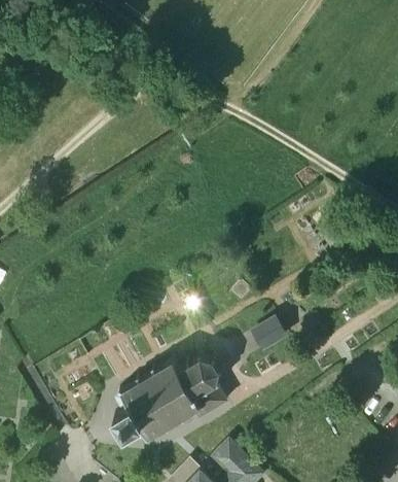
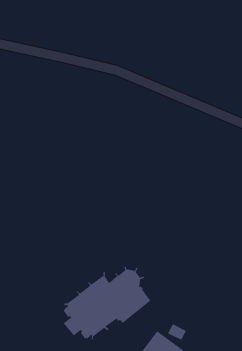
building: [254,318,289,349] -> none

